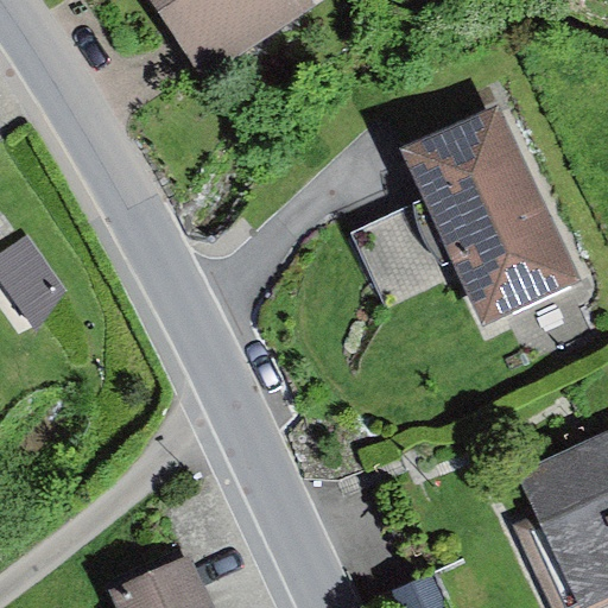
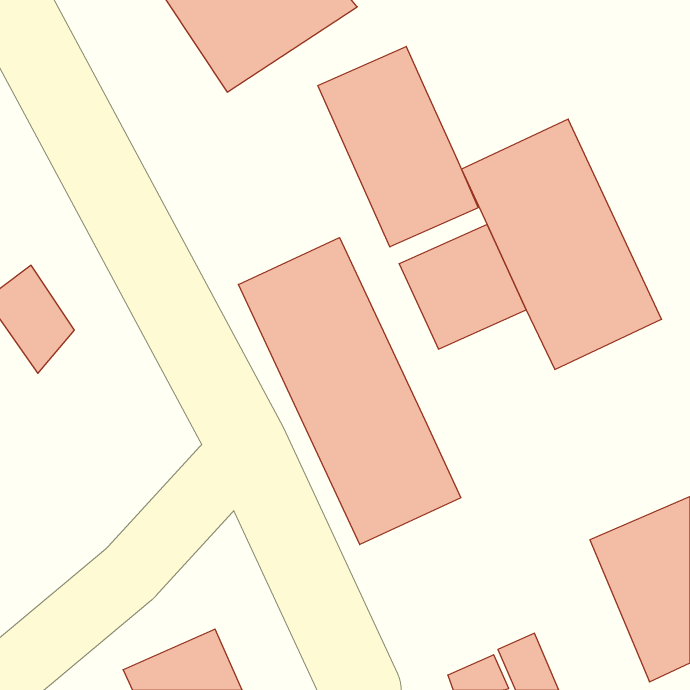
building: none -> [318,46,478,247]
building: none -> [238,238,461,545]

